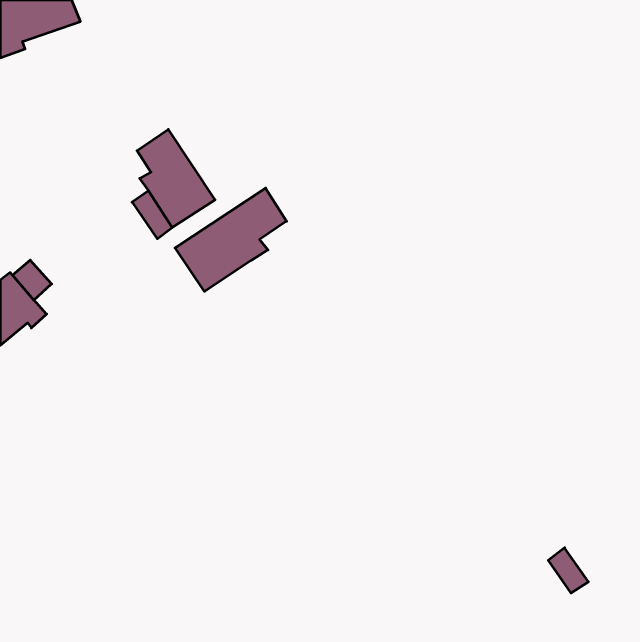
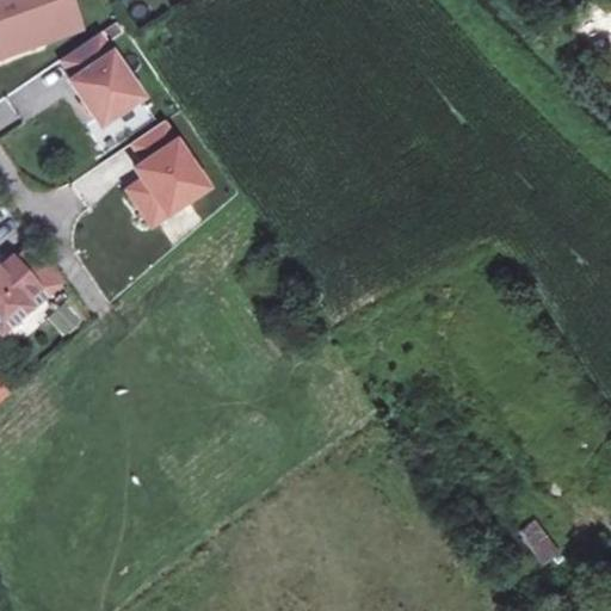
building: none -> [62,35,142,126]
building: [175,188,287,291] -> none

